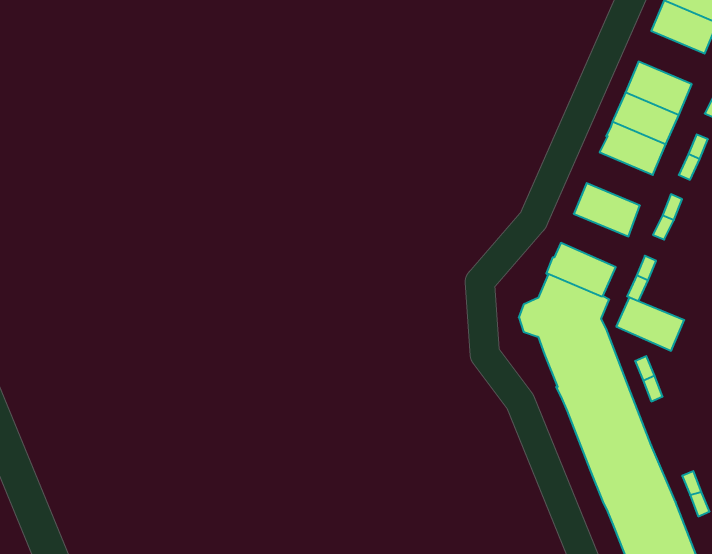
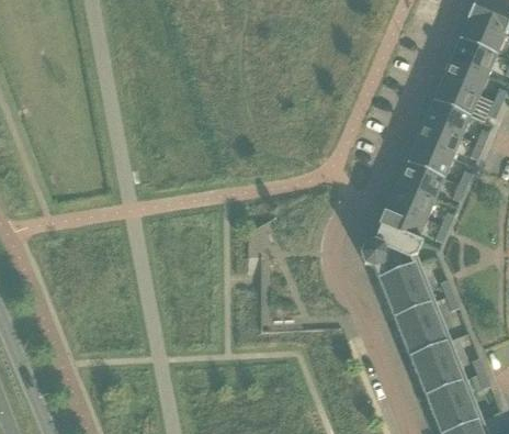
building: none -> [442,60,487,97]
building: none -> [407,143,452,179]
building: [616,297,684,351] -> [389,185,436,221]

